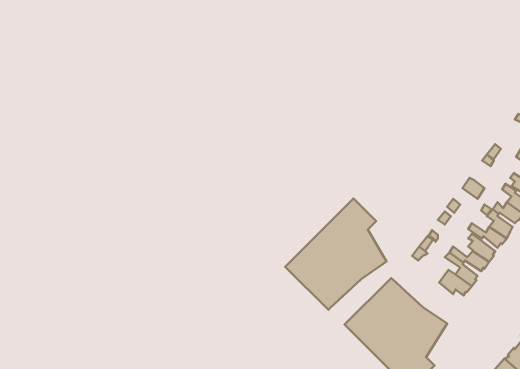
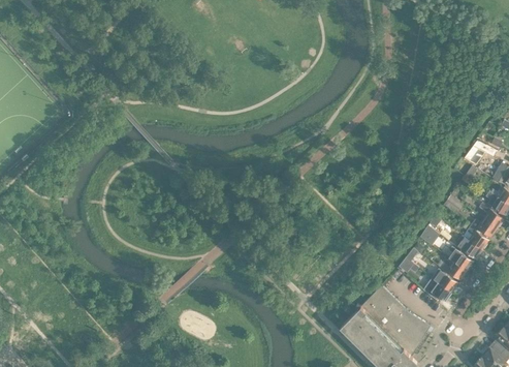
building: [285,199,386,310] -> none

